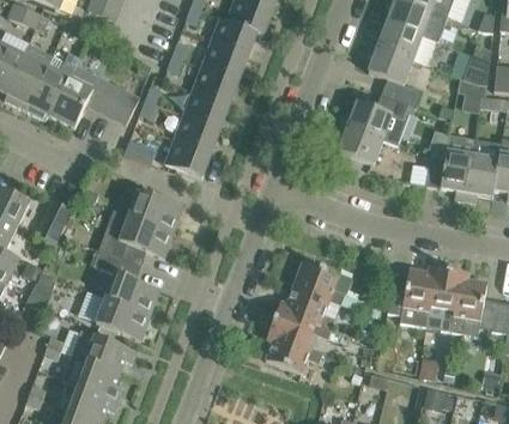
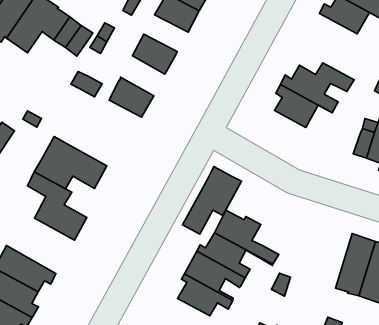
building: [366,44,422,108] -> none
building: [192,69,237,104] -> none
building: [174,115,219,153] -> none
building: [128,190,182,232] -> none
building: none -> [183,166,242,234]
building: [387,266,436,327] -> none
building: [96,297,150,339] -> none

